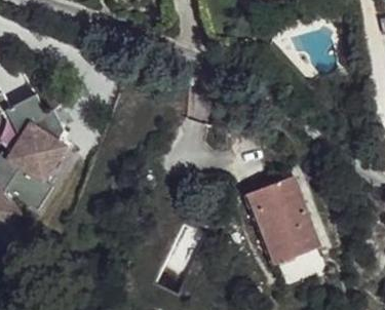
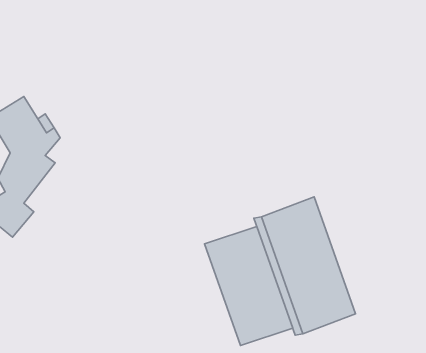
building: none -> [205,227,293,345]

